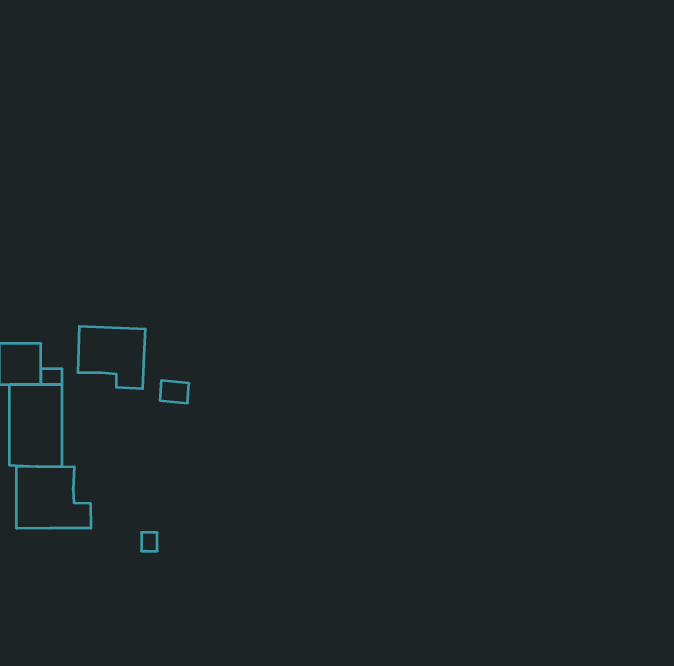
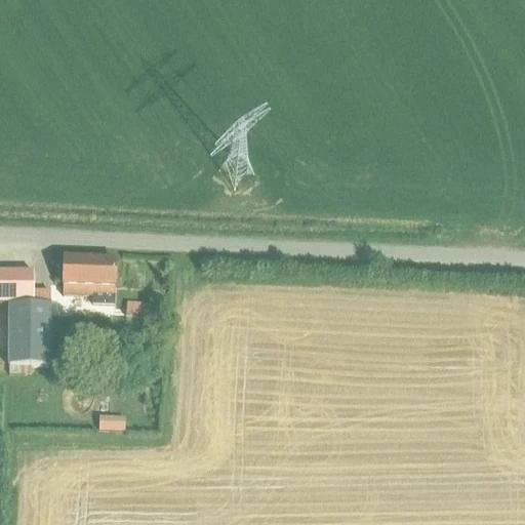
building: [17,466,91,528] -> none

